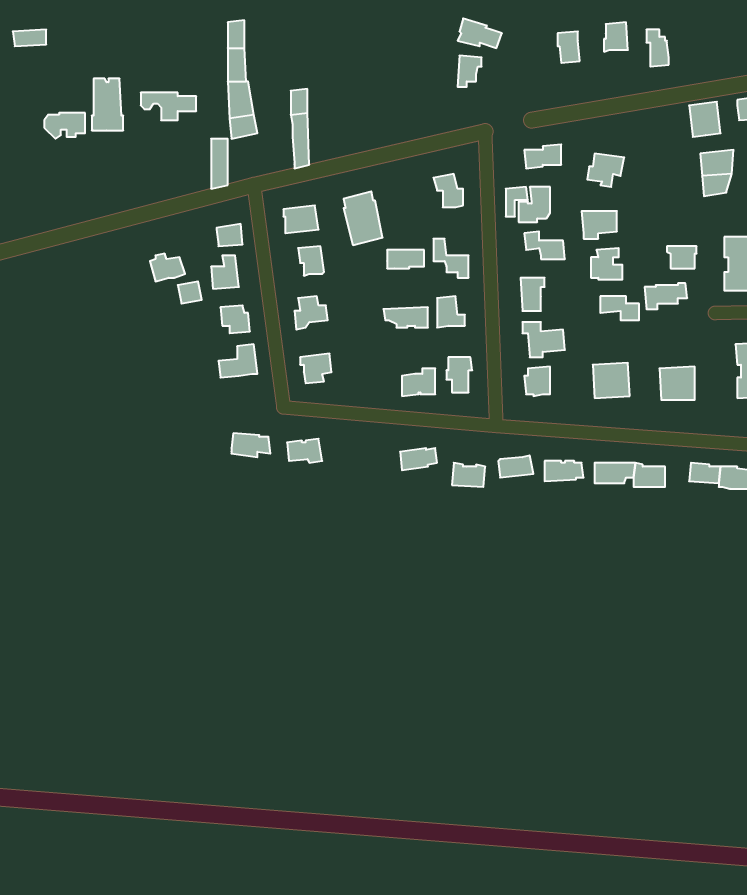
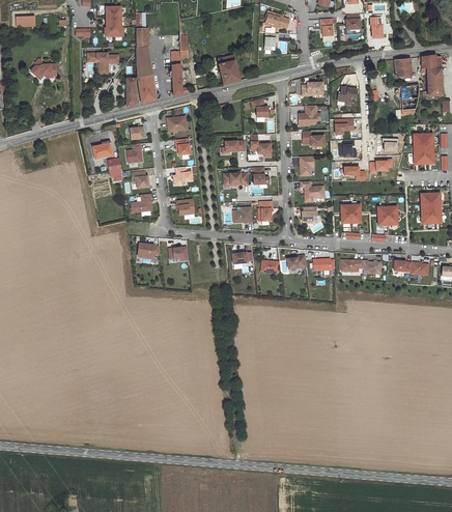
building: [92,79,123,130] -> [105,7,122,36]
building: none -> [138,76,157,104]
building: [344,191,383,245] -> [218,55,239,85]

